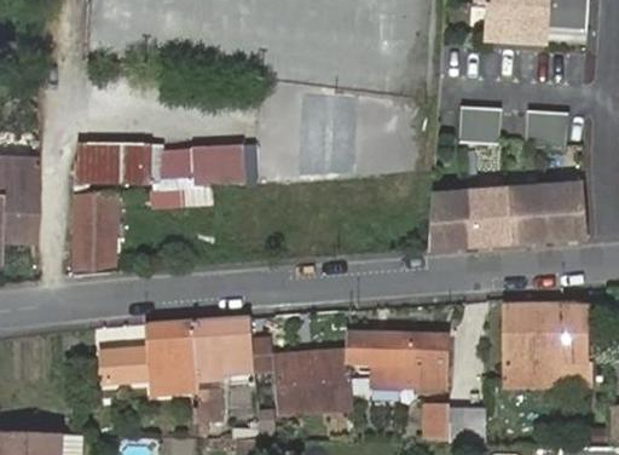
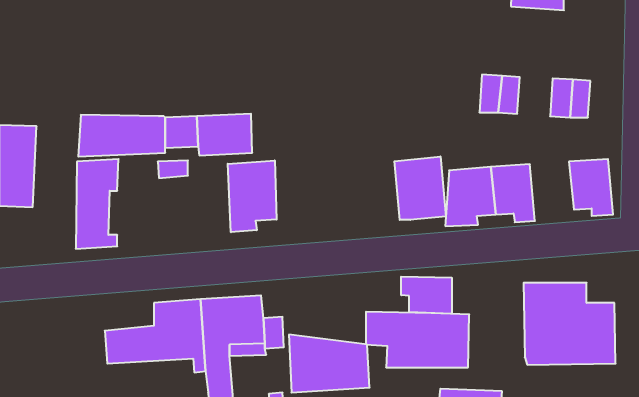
building: none -> [394,156,446,220]
building: none -> [228,160,277,232]
building: [508,189,550,246] -> none
building: none -> [401,277,452,314]

